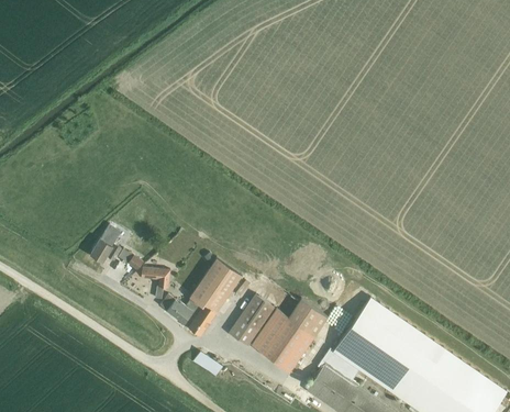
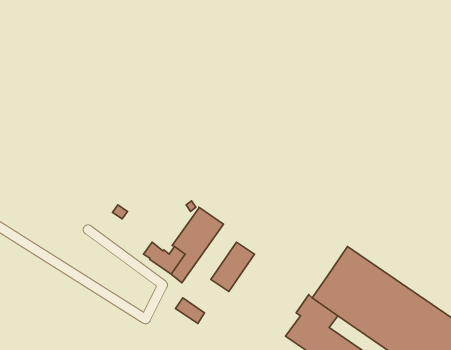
building: [91,224,121,261] -> none
building: [132,268,169,299] -> none
building: [252,299,328,370] -> none

